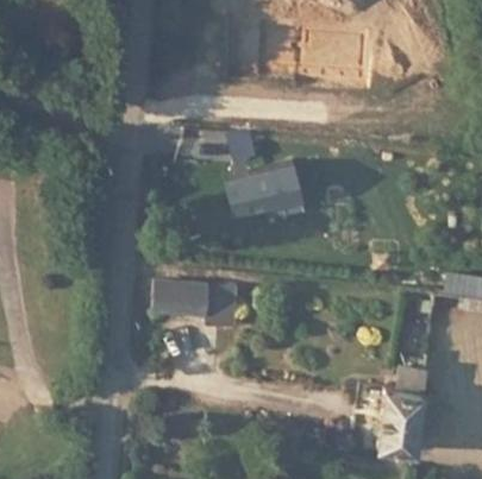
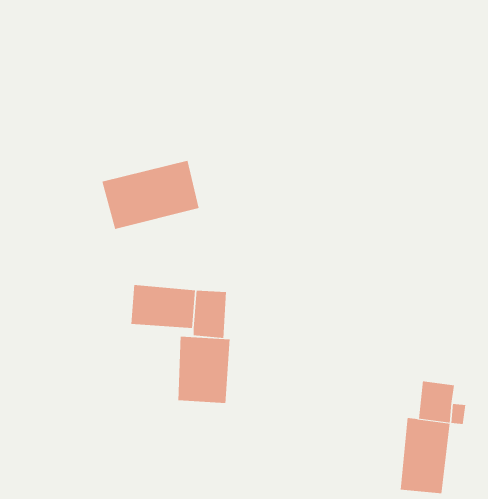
building: [220,160,302,219] -> [102,160,199,229]
building: none -> [178,336,230,404]

